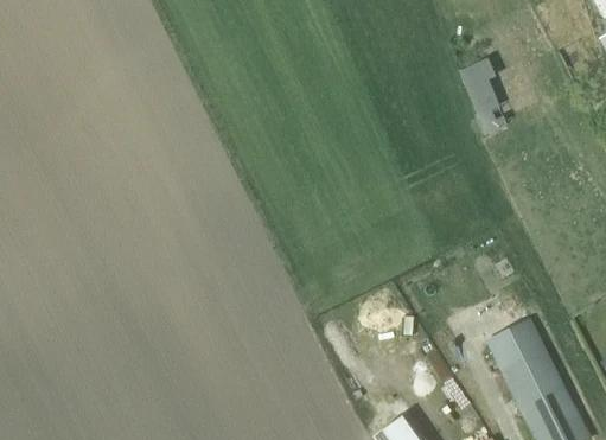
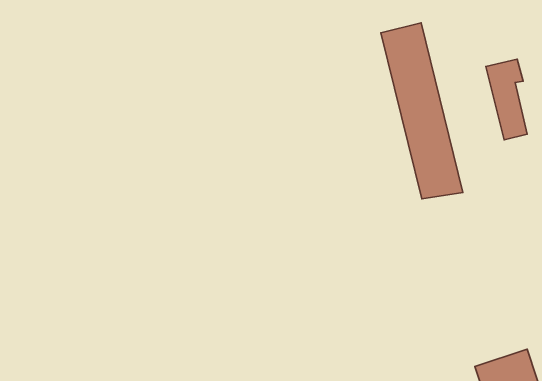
building: none -> [381,23,463,199]

